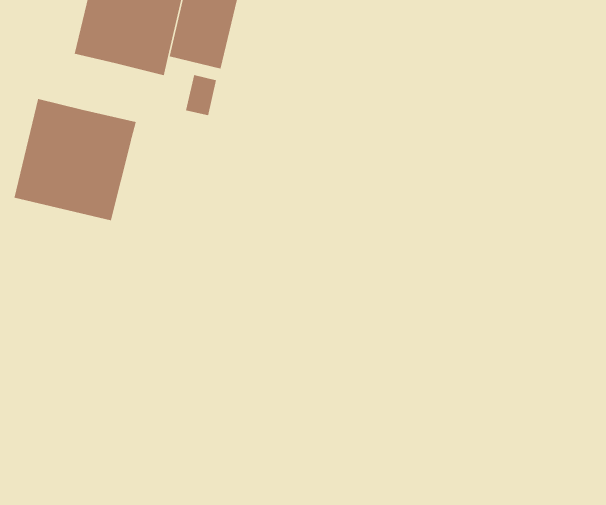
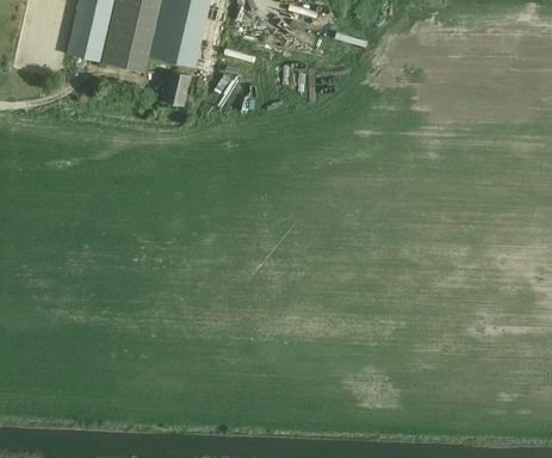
building: [14,98,136,221] -> none

